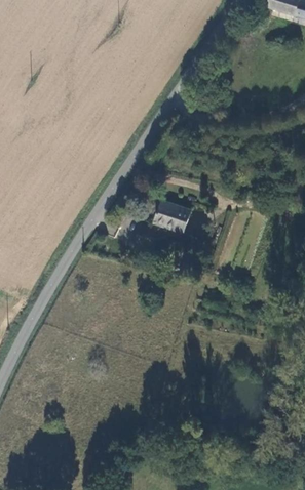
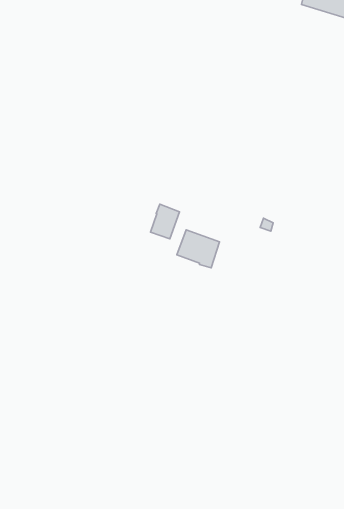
building: none -> [150,204,179,239]

